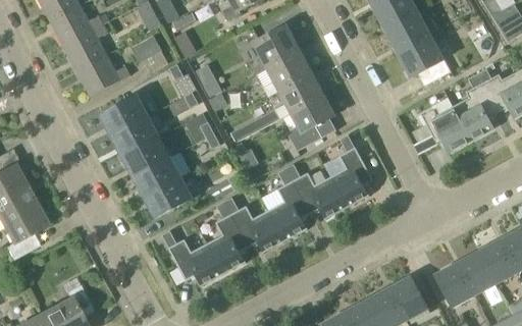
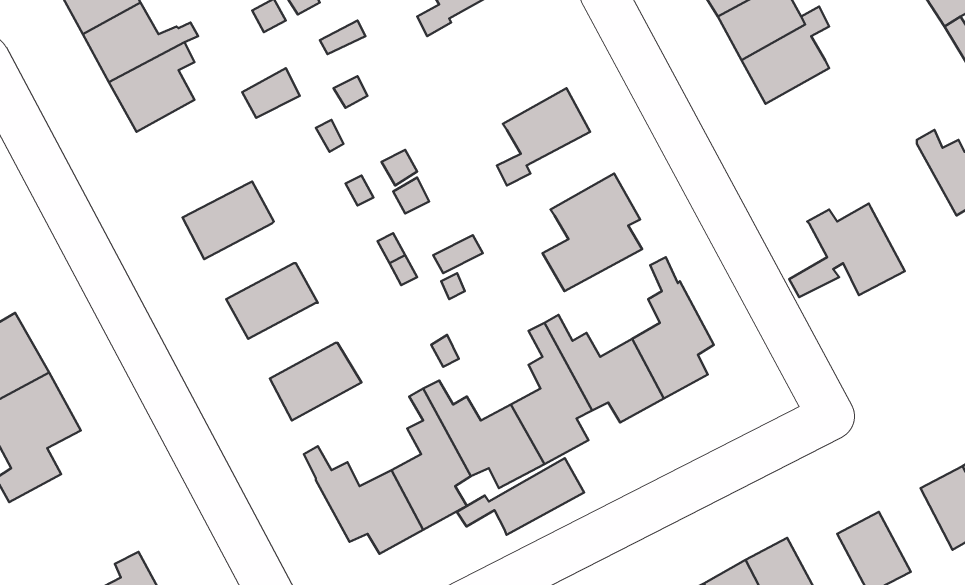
building: [249,24,297,74] -> none
building: [399,28,455,86] -> none
building: [76,53,128,95] -> none
building: [272,69,321,119] -> none
building: [452,73,497,141] -> none
building: [111,115,158,155] -> none
building: [134,157,179,196] -> none
building: none -> [457,458,584,535]
building: [457,252,494,294] -> none

